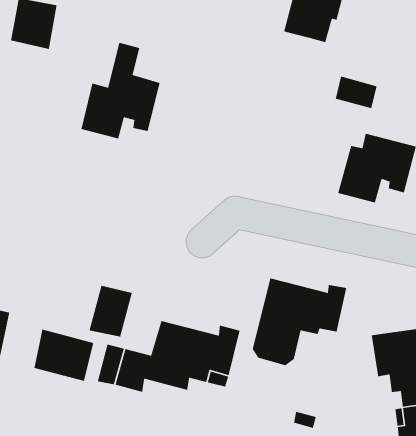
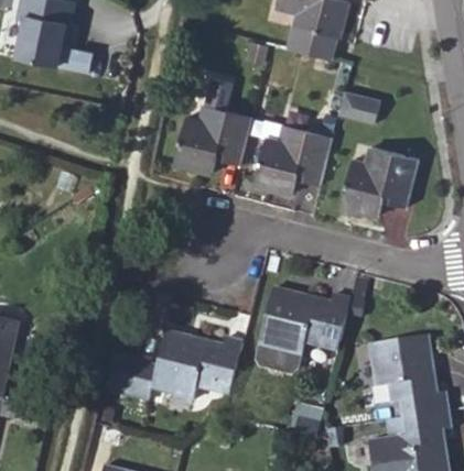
building: [81,42,160,140] -> [174,78,252,174]
building: none -> [253,119,332,195]
building: [88,285,133,337] -> none
building: [34,328,94,382] -> none

